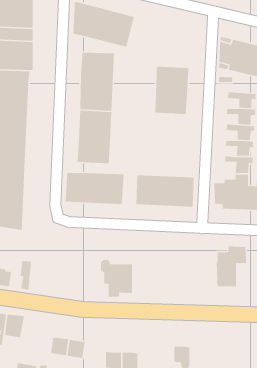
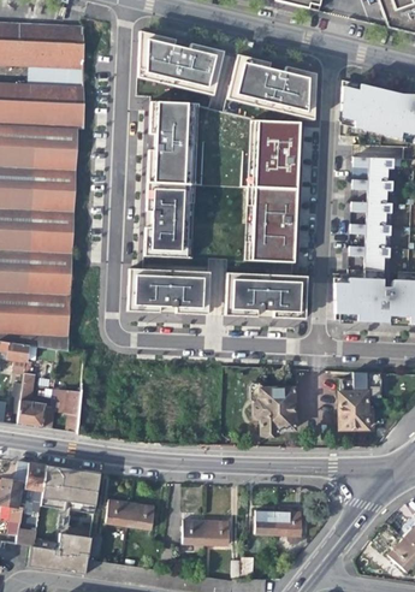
building: none -> [226,54,315,119]
building: none -> [249,187,296,261]
building: [100,259,133,297] -> [247,381,292,434]
building: none -> [65,468,100,504]
building: none -> [255,508,278,533]

